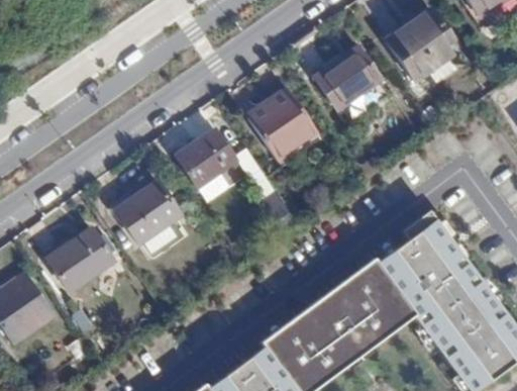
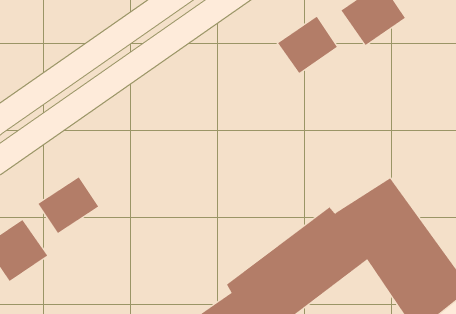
building: [247,91,316,160] -> none
building: [178,128,237,185] -> none
building: [118,180,183,242] -> none

